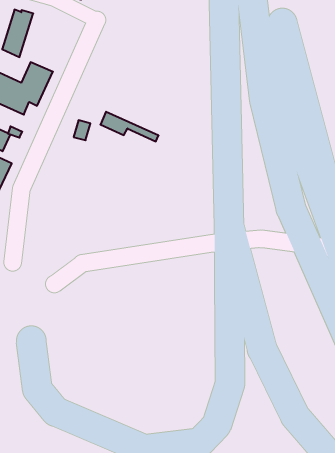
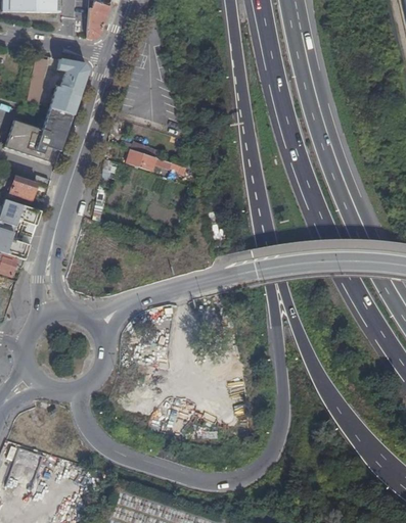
building: none -> [50,58,89,114]

